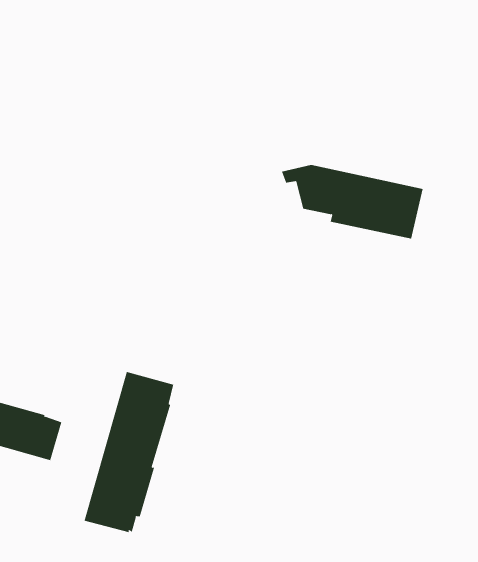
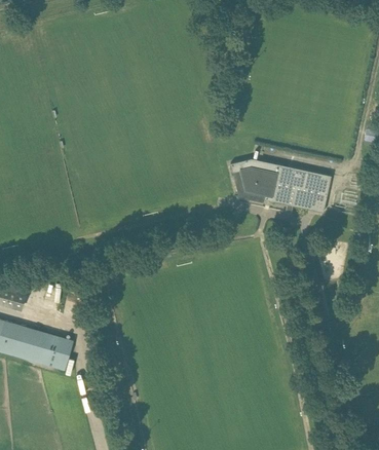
building: [84,371,174,533] -> none

